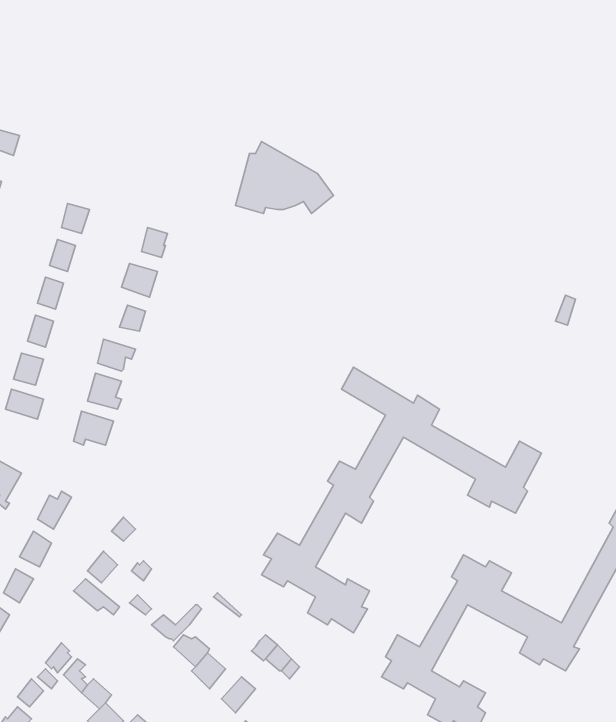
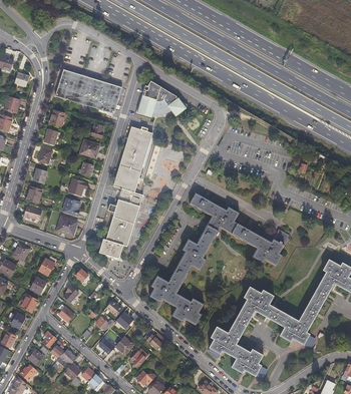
building: none -> [55,69,121,113]
building: none -> [101,127,154,259]

